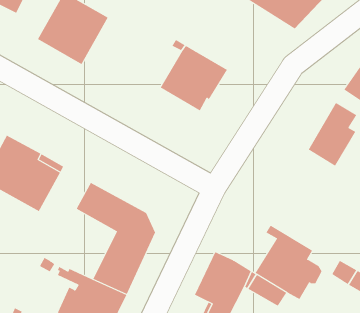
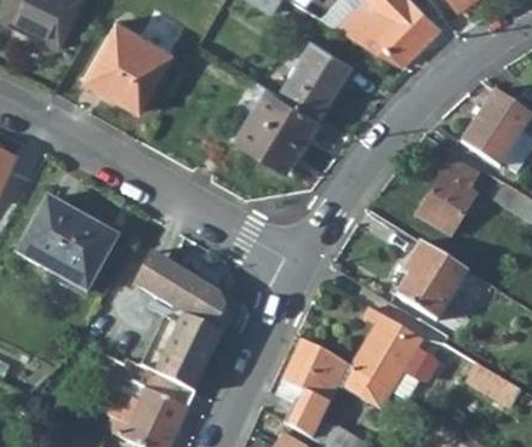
building: none -> [279,40,351,116]
building: none -> [396,240,468,320]

